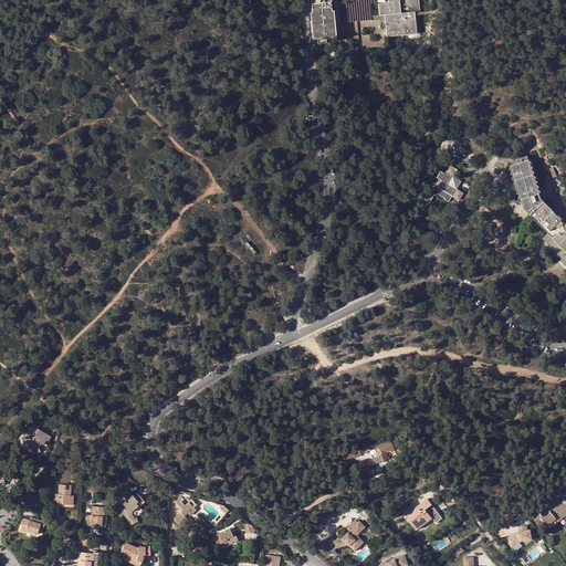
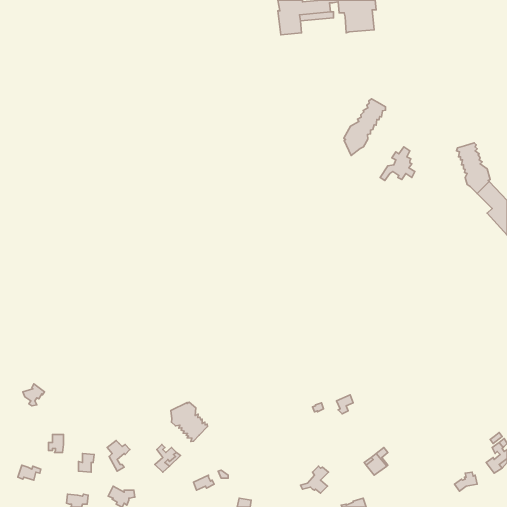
building: none -> [344,99,386,155]
building: none -> [171,402,208,441]

